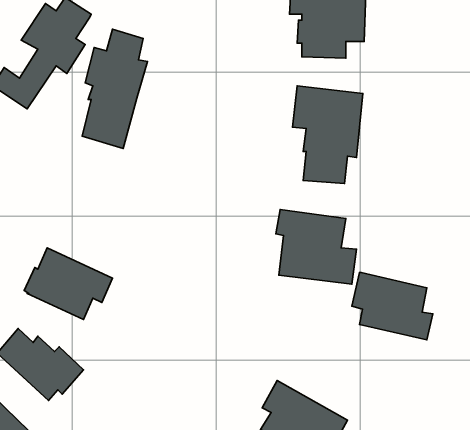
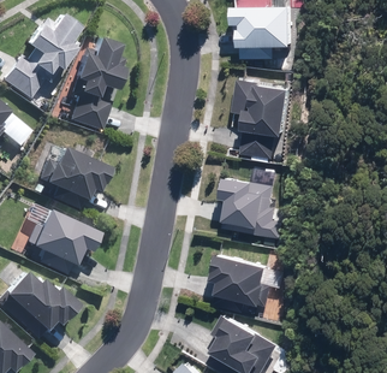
building: none -> [38,146,107,197]
building: [352,273,433,340] -> [212,251,275,304]

